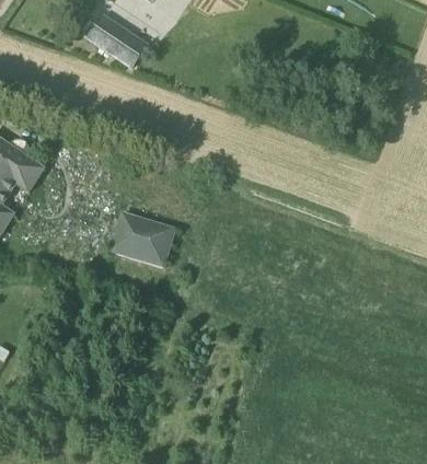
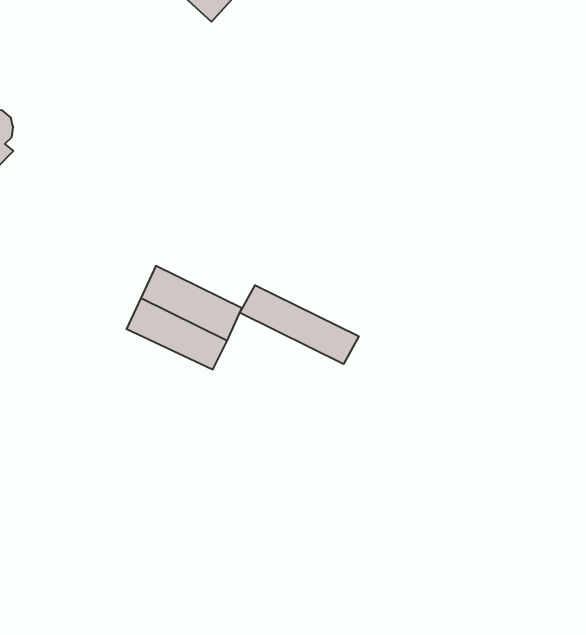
building: none -> [240,285,359,364]

